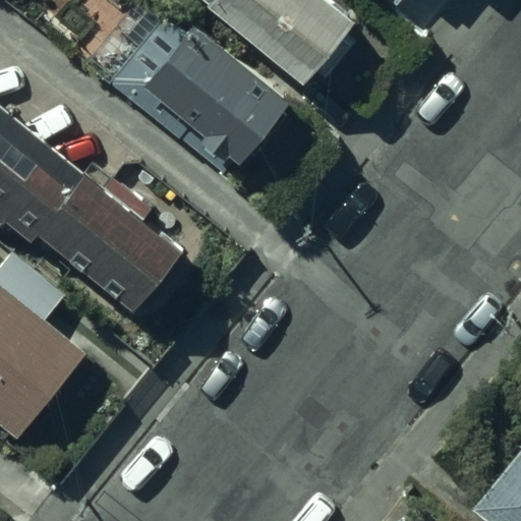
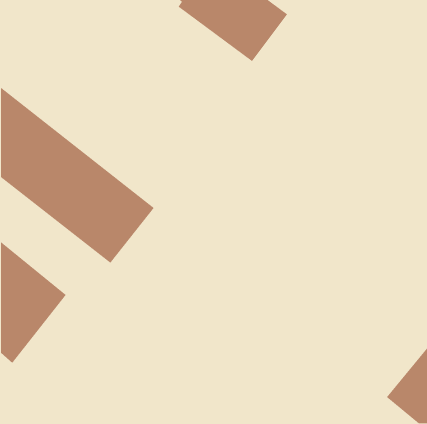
building: [108,21,284,176] -> none

